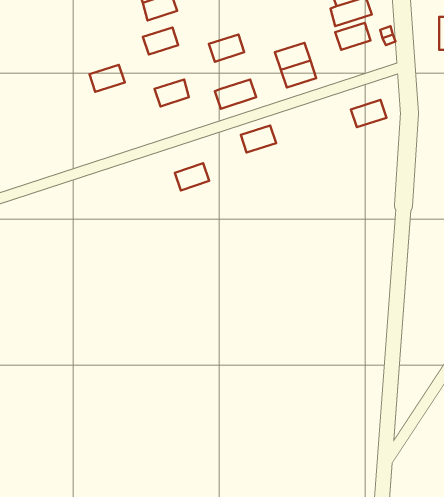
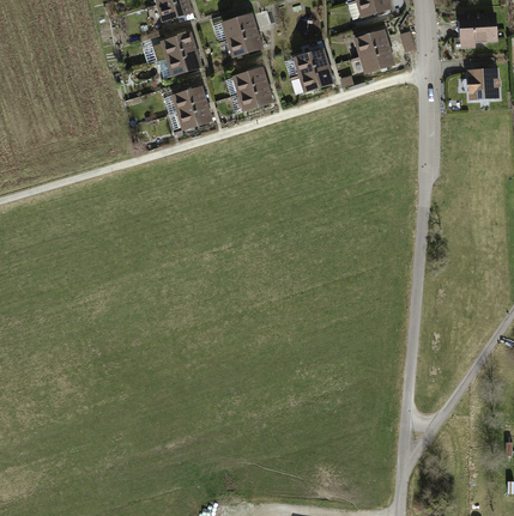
building: none -> [220,18,255,45]
building: [89,65,125,92] -> [164,47,200,74]
building: [351,100,386,127] -> [359,42,395,69]
building: [241,125,276,153] -> [231,63,267,91]
building: [175,163,209,190] -> [176,99,211,127]

